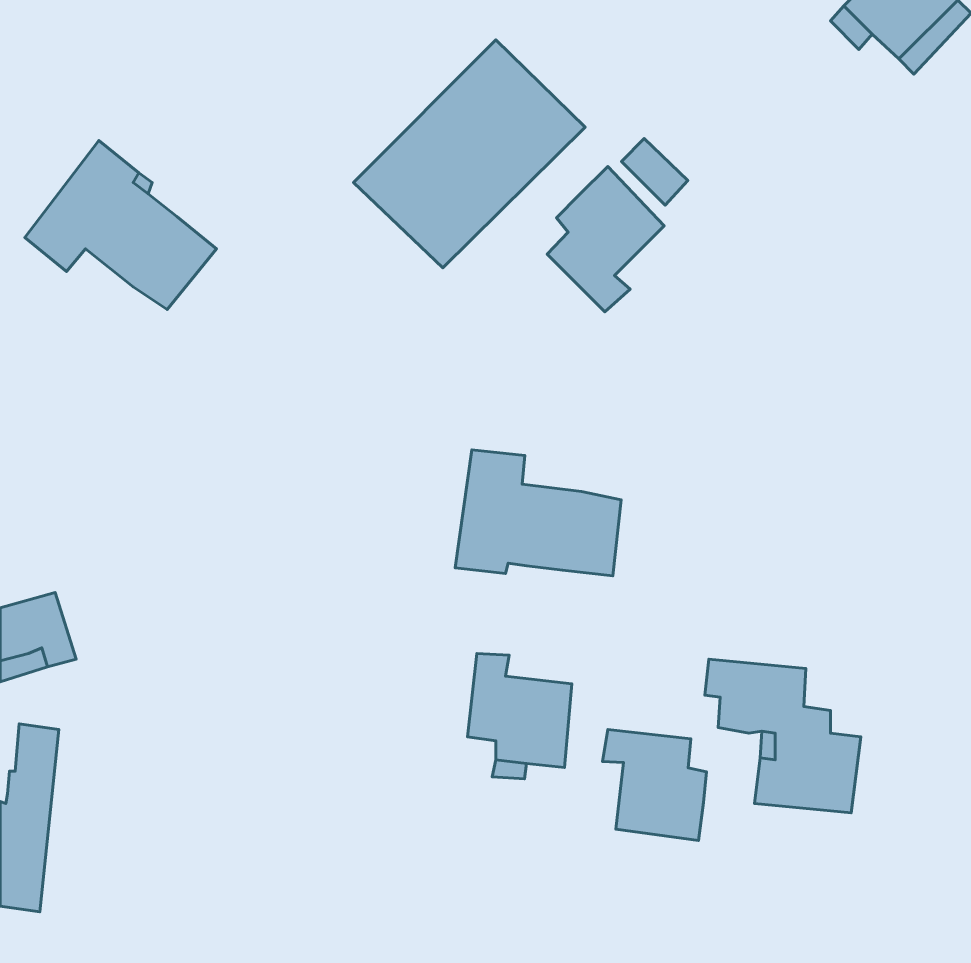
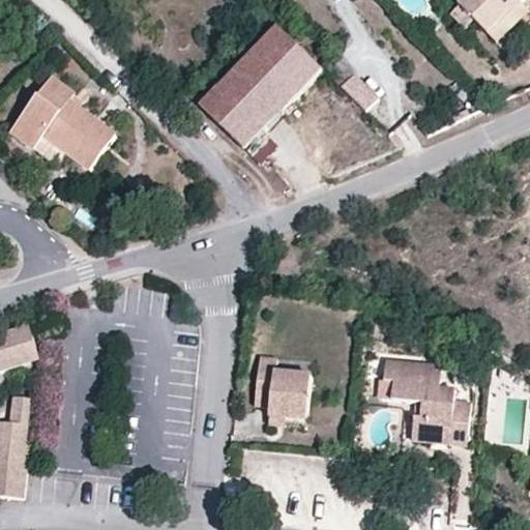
building: [547,167,664,312] -> none
building: [455,450,621,576] -> none
building: [602,730,706,841] -> none

